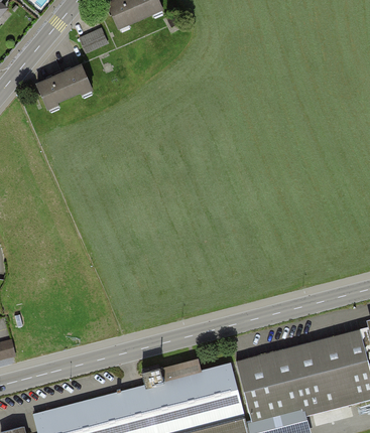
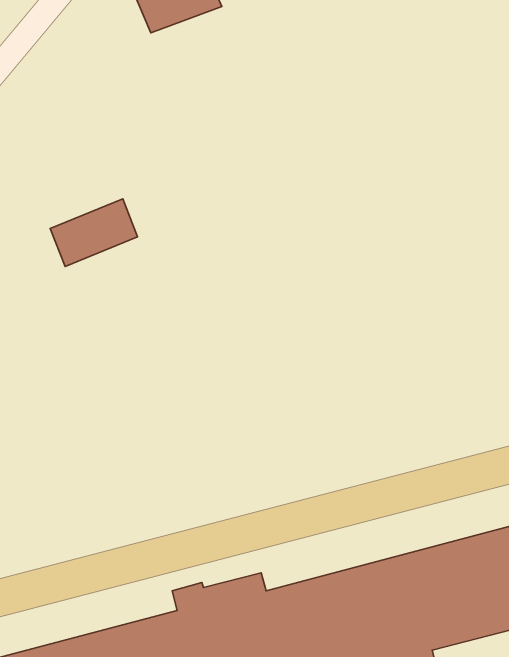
building: [82,29,112,54] -> none
building: [45,68,99,110] -> [50,199,137,266]

